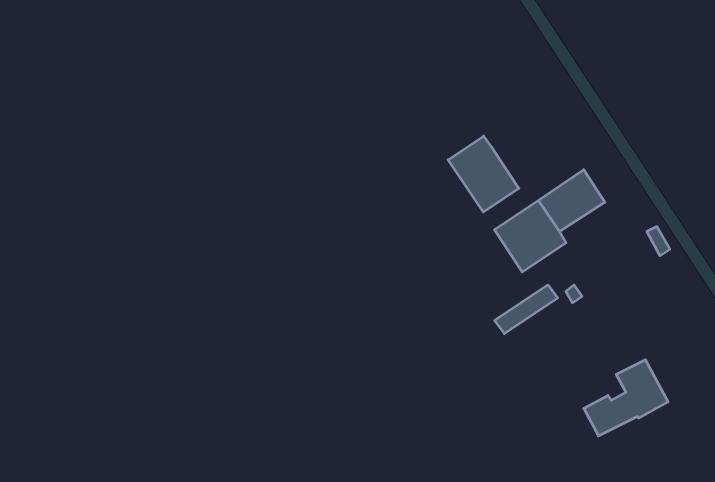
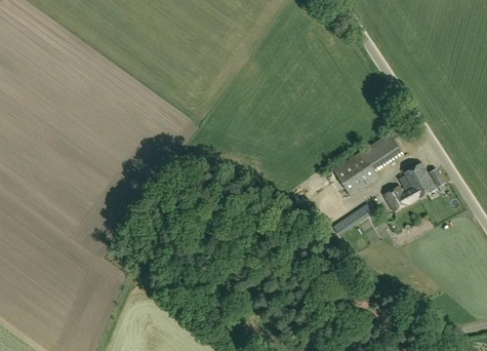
building: [448,136,519,212] -> none
building: [584,360,668,436] -> [382,162,436,210]

